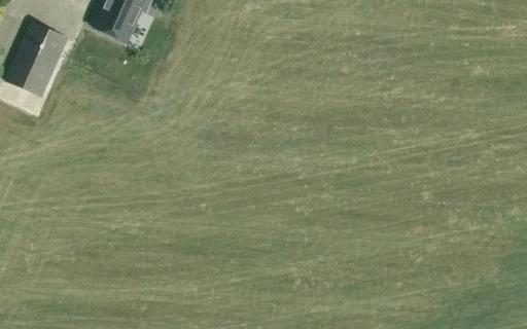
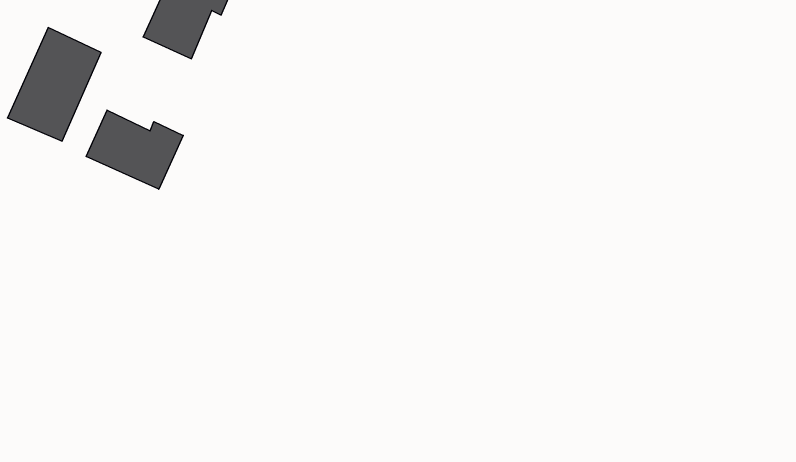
building: none -> [86,110,183,189]

